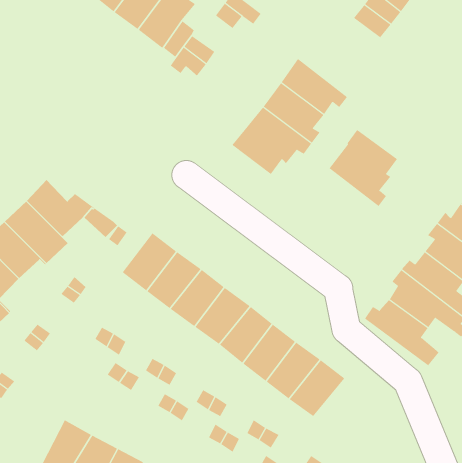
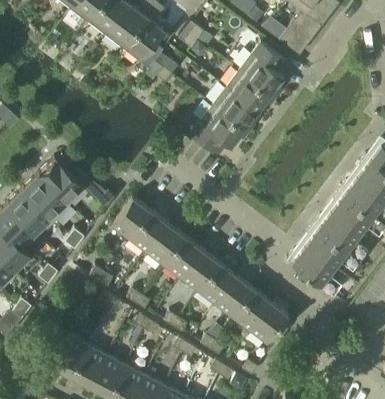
building: [328,129,398,207] -> [238,40,289,97]
building: none -> [250,303,288,344]

